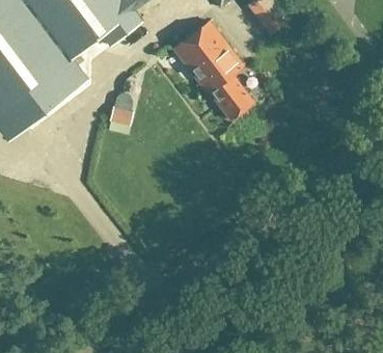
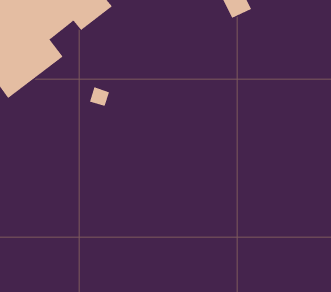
building: [173,22,253,120] -> none

